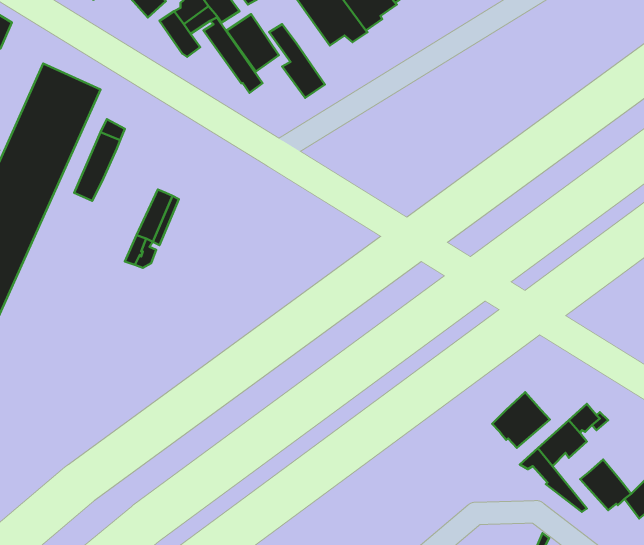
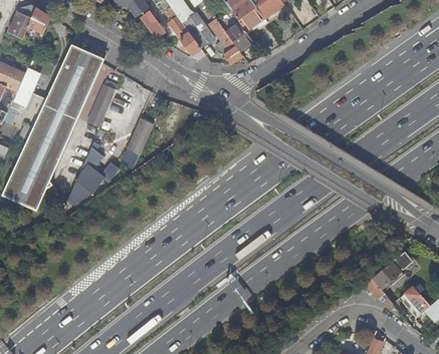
building: none -> [225,21,251,49]
building: none -> [66,145,119,205]
building: [492,392,550,448] -> none

